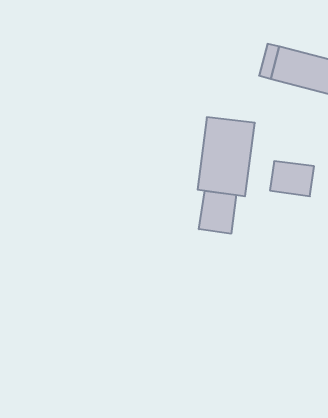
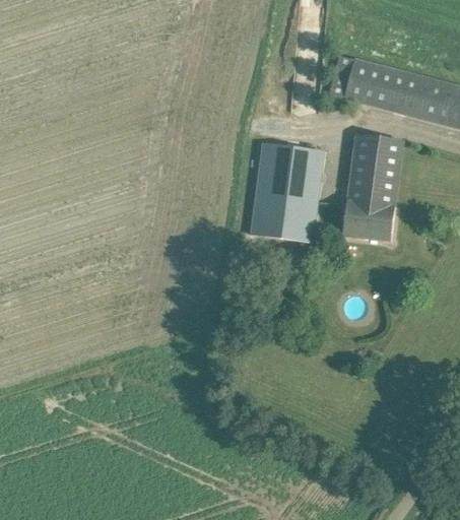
building: none -> [346,134,403,204]
building: [199,191,236,234] -> none

